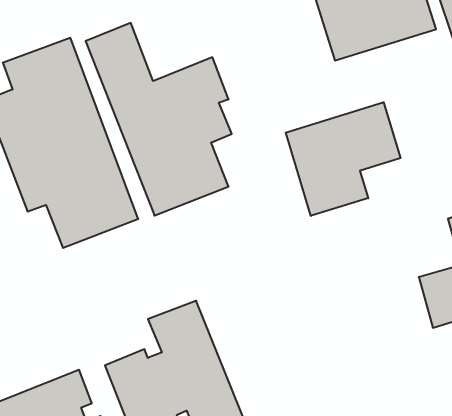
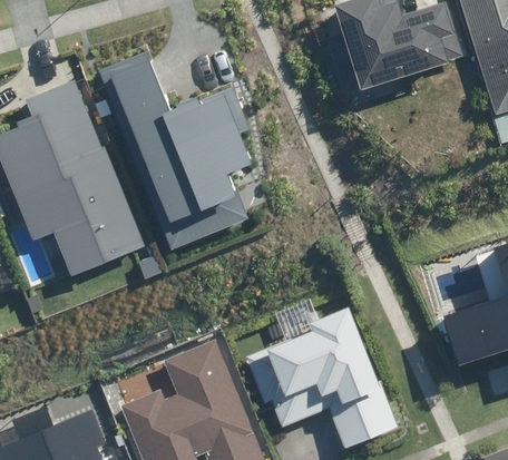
building: [286,102,401,216] -> none
building: none -> [245,310,395,448]

